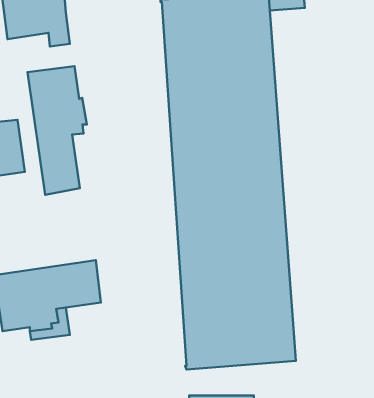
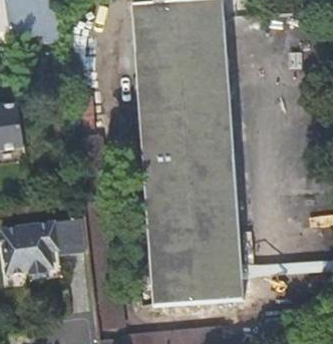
building: [28,66,87,195] -> none

